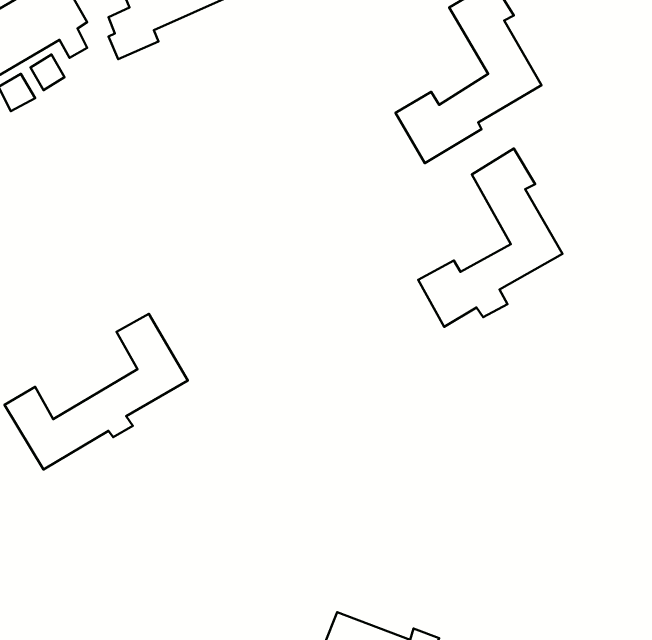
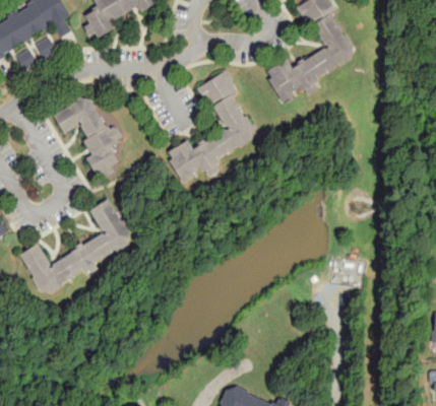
building: [418,148,563,327] -> [166,70,256,182]
building: none -> [53,94,123,178]

